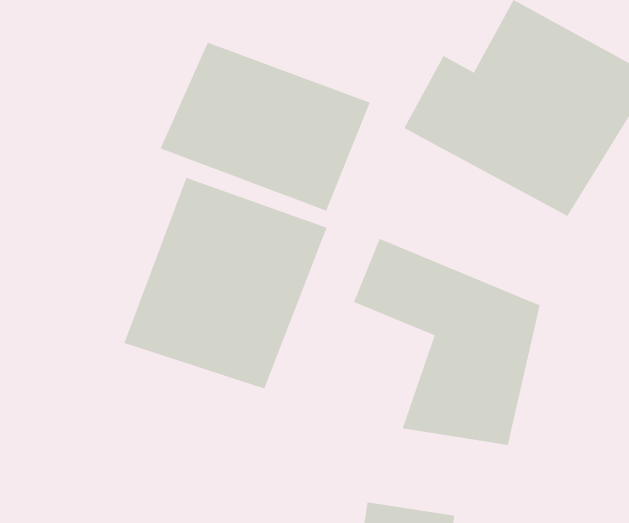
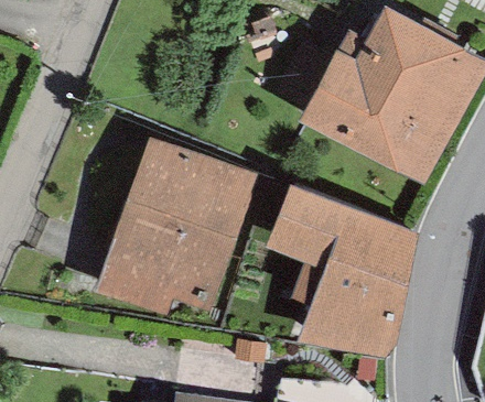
building: [160,42,371,212] -> none

